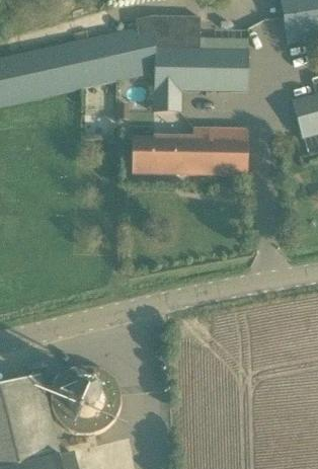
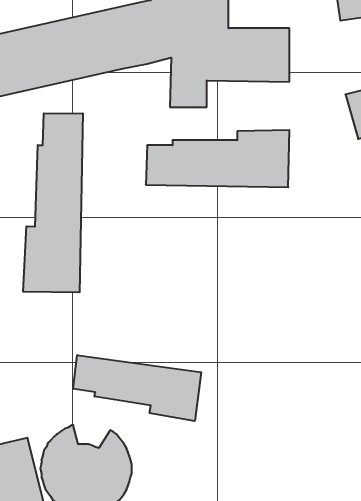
building: none -> [23,113,83,292]
building: none -> [73,355,201,421]

